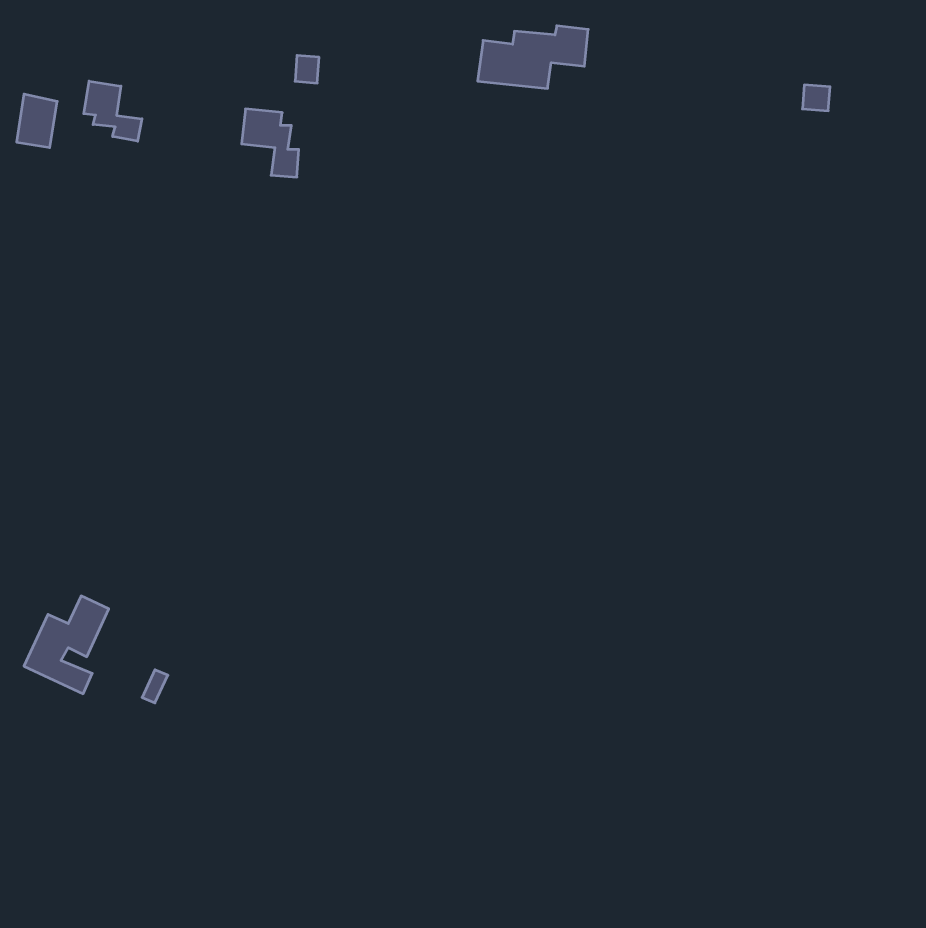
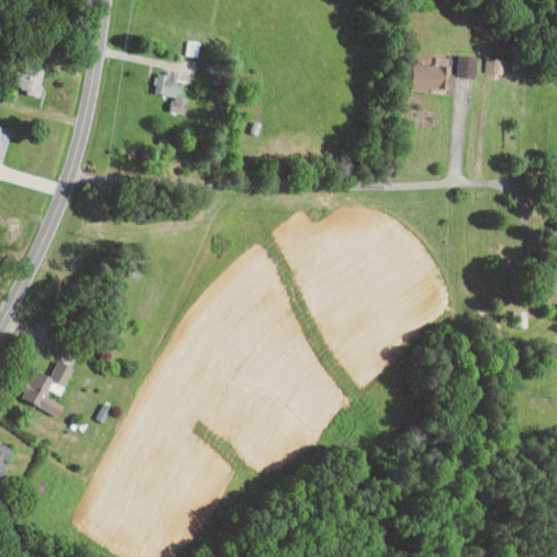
building: [478,26,588,88] -> [409,55,474,92]
building: [84,81,142,141] -> none

